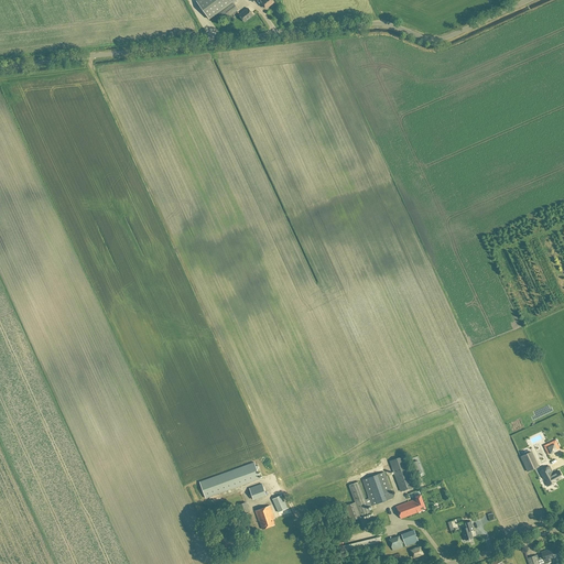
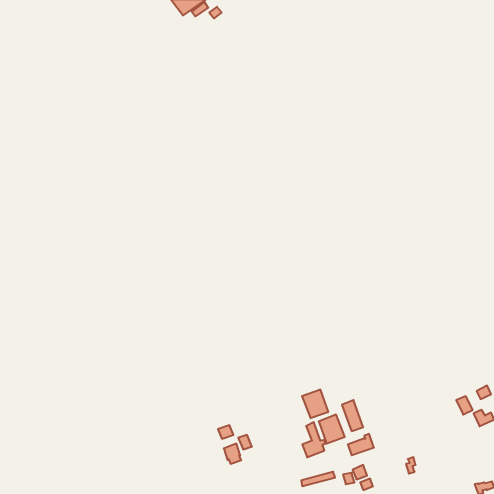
building: none -> [302,389,328,418]
building: [198,462,259,497] -> none

